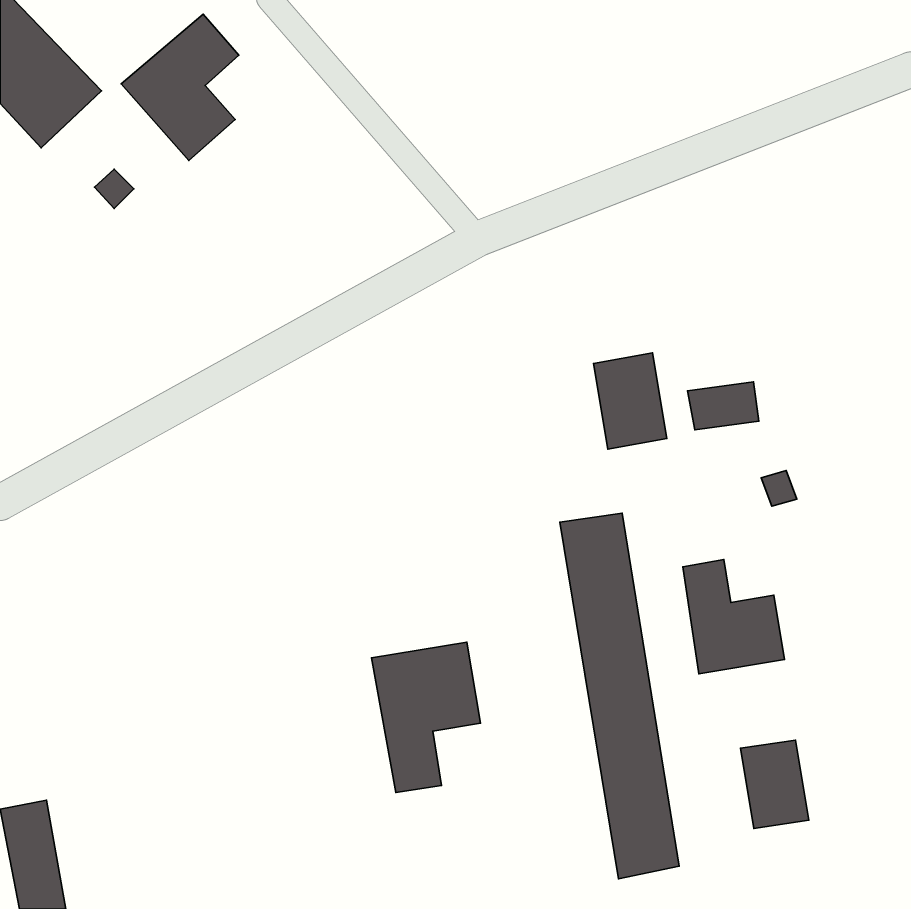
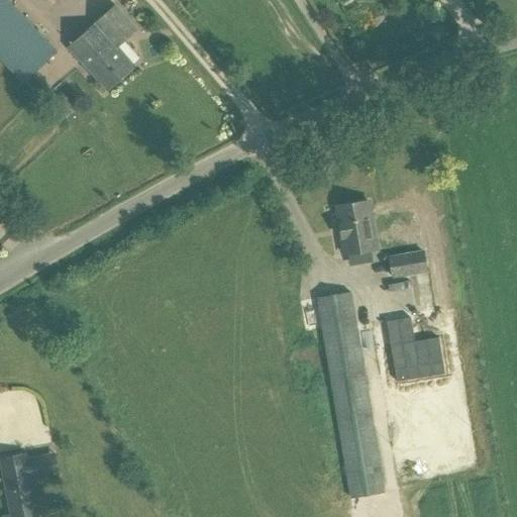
building: [688,382,759,430] -> [389,249,429,277]
building: [372,642,480,793] -> none
building: [741,740,809,828] -> none

